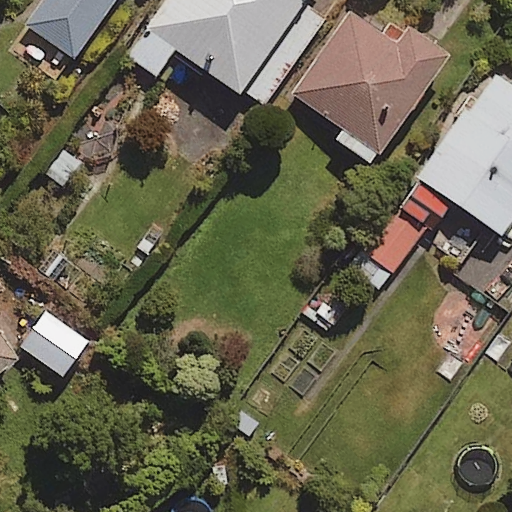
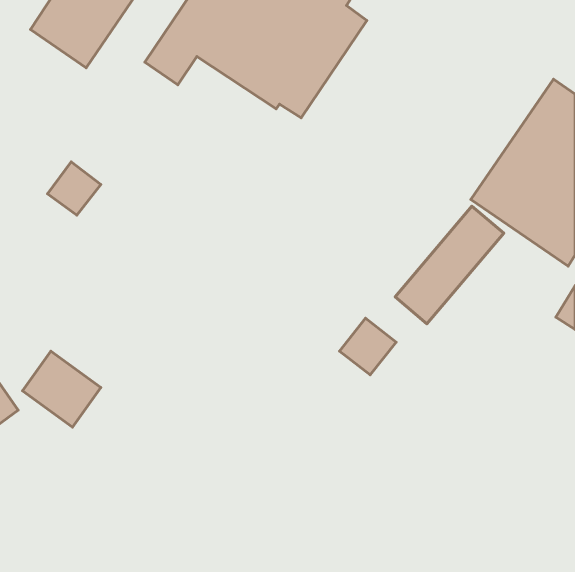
building: [292,4,451,167] -> none

